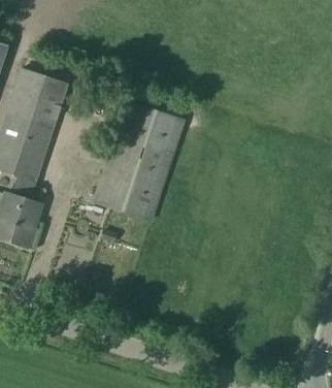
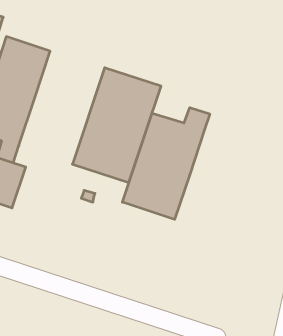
building: none -> [122,108,210,219]

